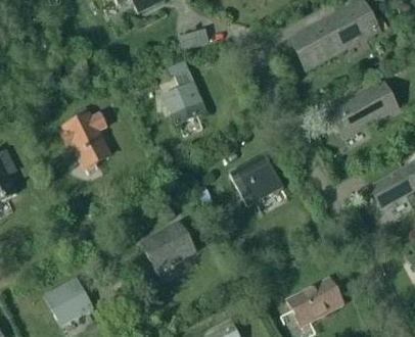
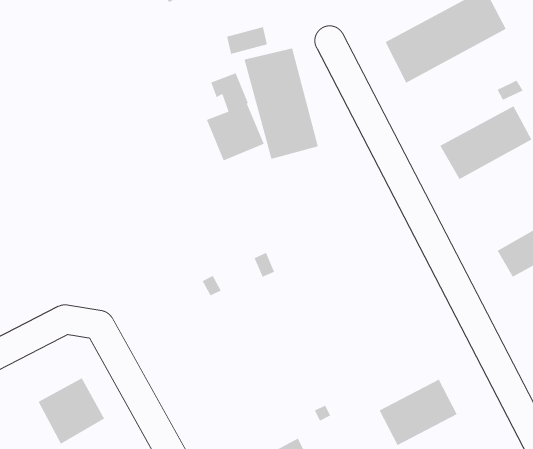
building: none -> [243,48,319,160]
building: [61,107,110,167] -> none
building: [236,153,283,201] -> none
building: [142,223,195,272] -> none

